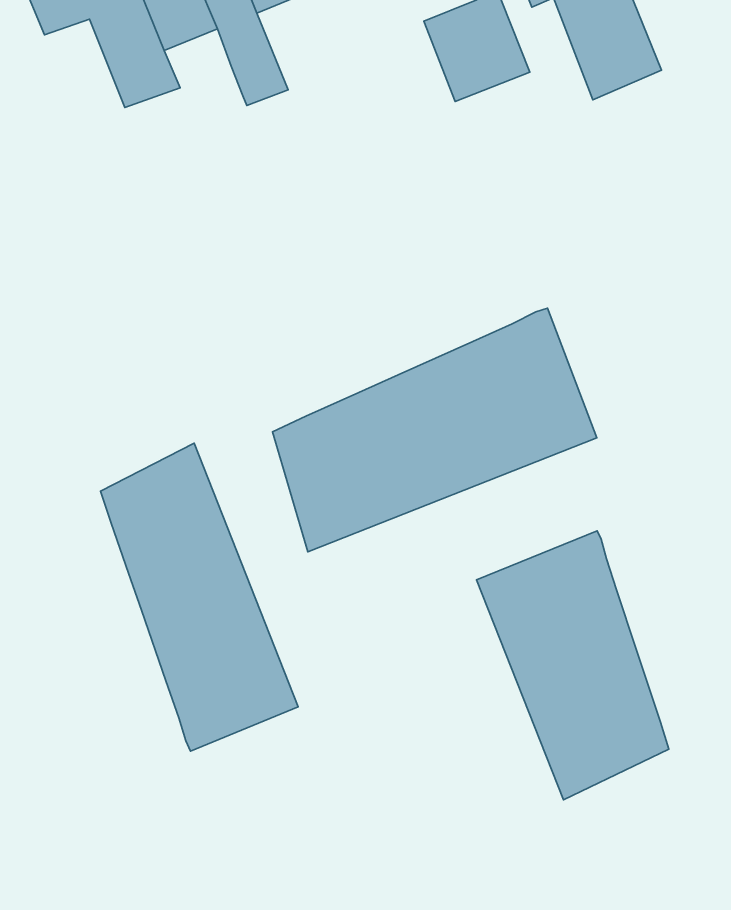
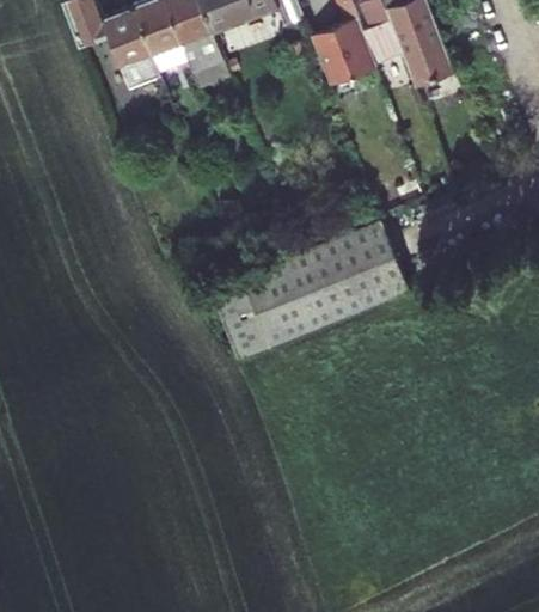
building: [101,443,298,751] -> none
building: [477,531,669,800] -> none

